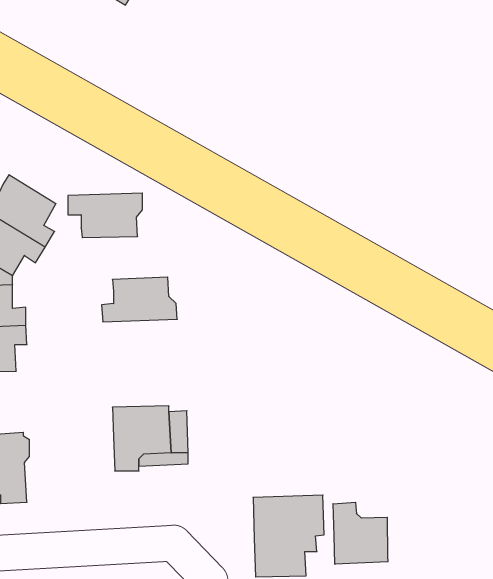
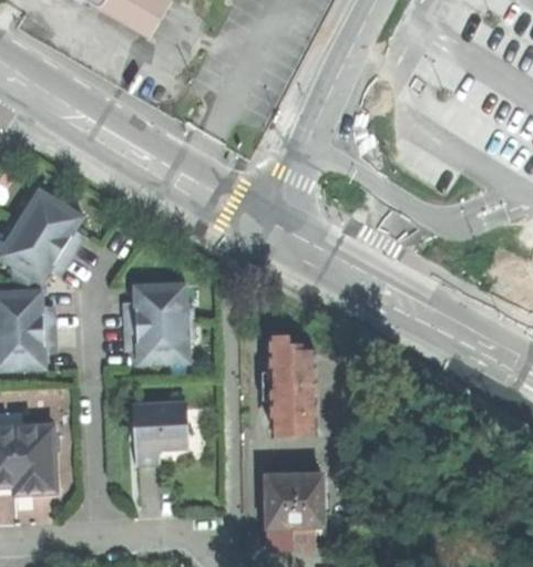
building: [68,193,142,238] -> [125,320,194,361]
building: none -> [258,344,314,434]
building: [333,502,388,564] -> none

